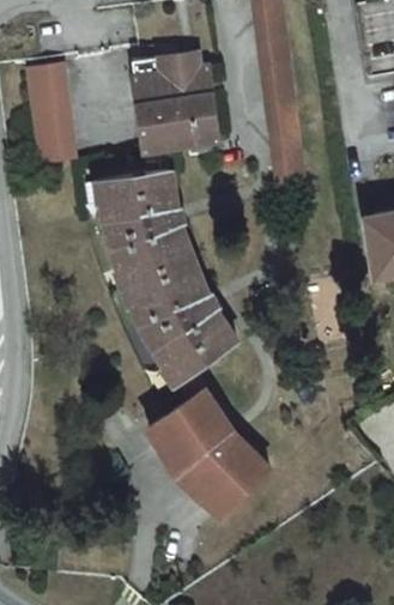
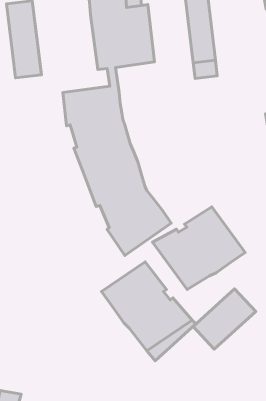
building: none -> [152,207,245,290]
building: none -> [193,289,256,349]

